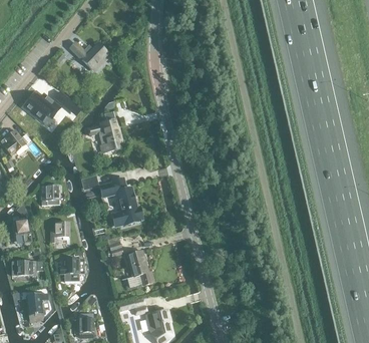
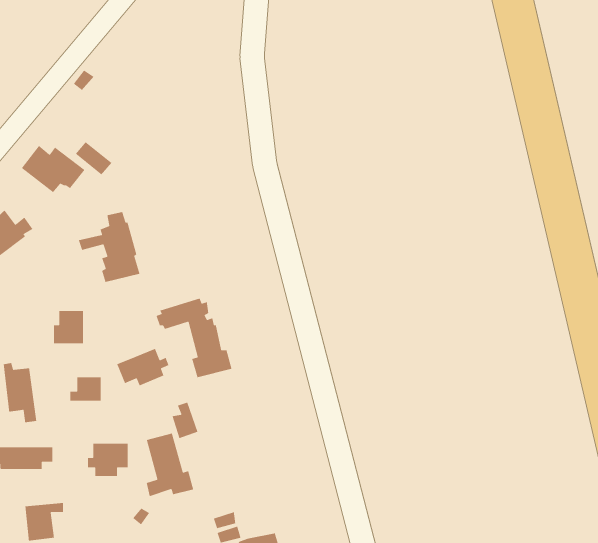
building: [69,41,109,68] -> none
building: [87,111,122,151] -> [78,211,141,283]
building: none -> [116,348,170,386]
building: [126,250,153,286] -> [146,432,194,497]

